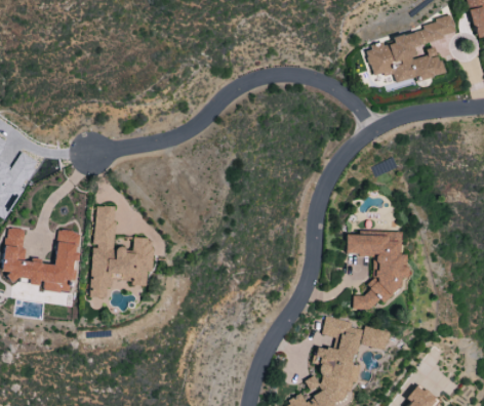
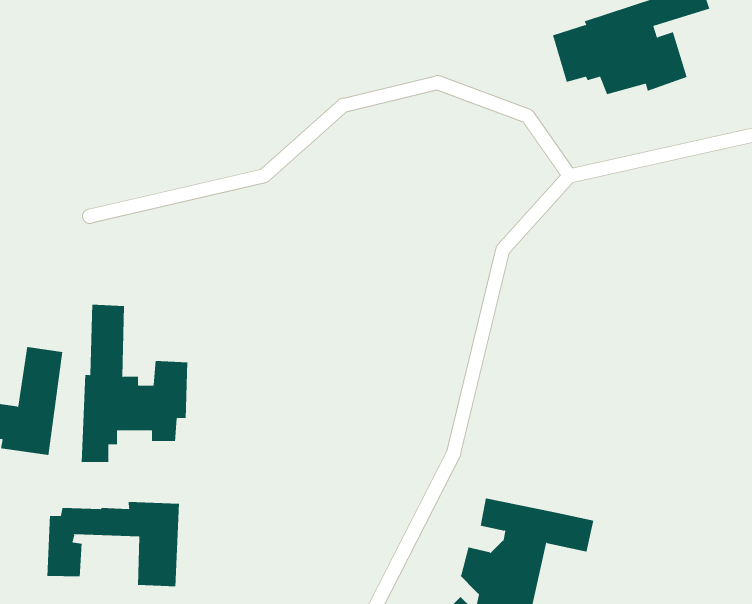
building: [347,232,406,310] -> none
building: none -> [47,501,180,587]

